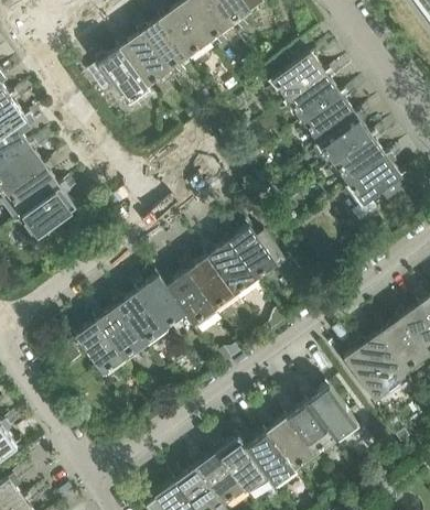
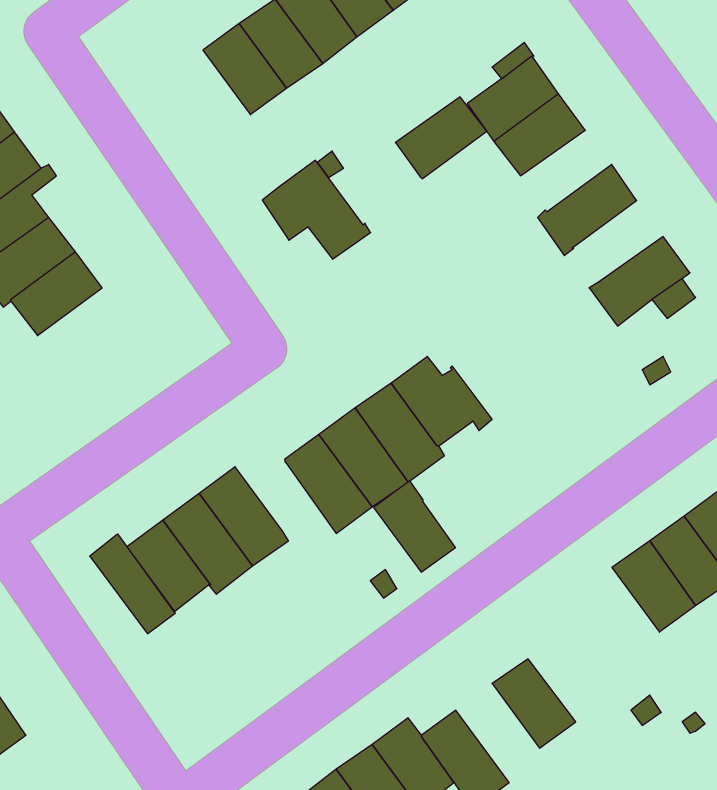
building: [87,50,150,107] -> [262,160,371,259]
building: [302,96,355,143] -> [395,97,487,179]
building: [332,137,385,184] -> none
building: [22,187,75,239] -> none
building: [137,275,184,328] -> [374,481,455,572]
building: none -> [90,534,175,634]
building: [343,349,388,402] -> none
building: [307,387,358,444] -> none
building: [265,416,313,469] -> none

